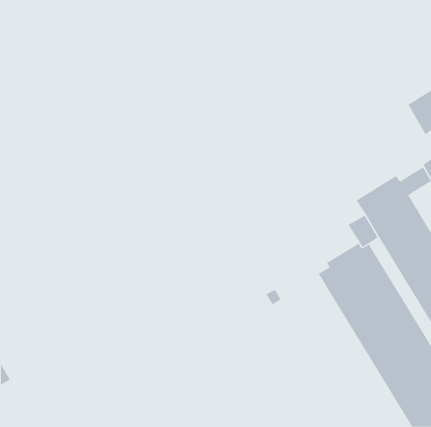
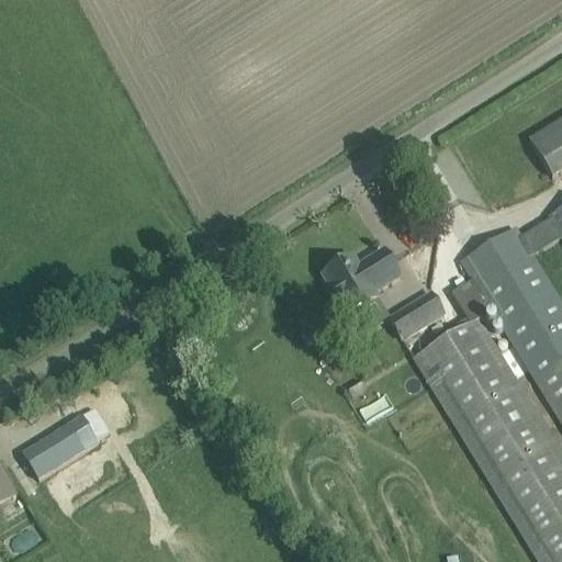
building: none -> [324,248,401,314]
building: none -> [387,291,445,340]
building: none -> [23,394,100,479]

